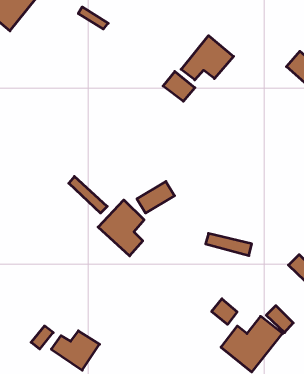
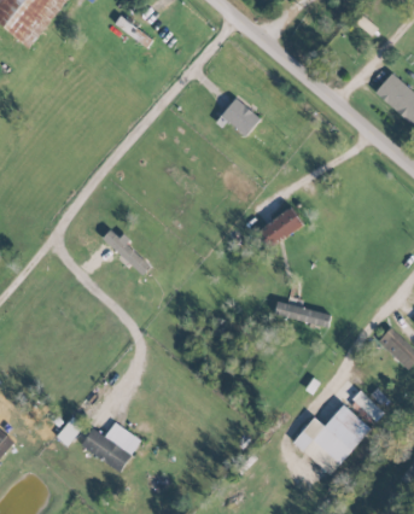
building: [181,36,234,80] -> none
building: [137,181,175,213] -> [257,208,304,247]
building: [98,200,144,256] -> none
building: [212,299,237,324] -> none

